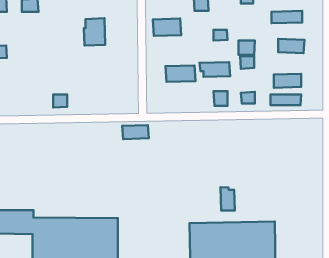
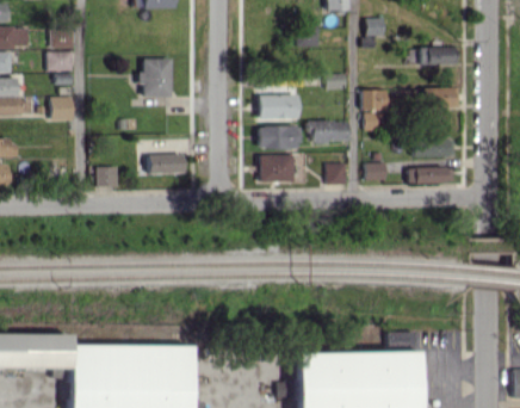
building: none -> [48,51,74,70]
building: [153,19,181,36] -> [259,94,299,119]
building: none -> [50,97,73,120]
building: none -> [261,155,295,181]
building: [122,125,149,139] -> [148,154,186,174]
building: [220,187,235,211] -> none

